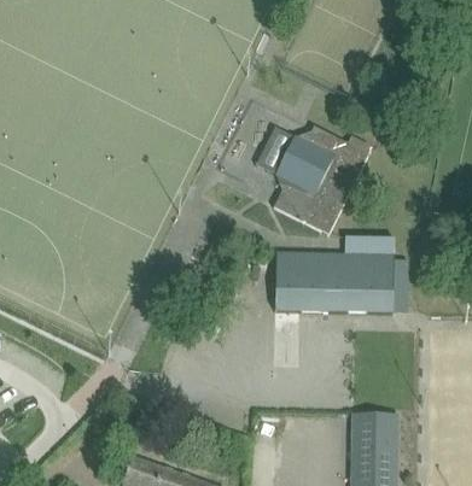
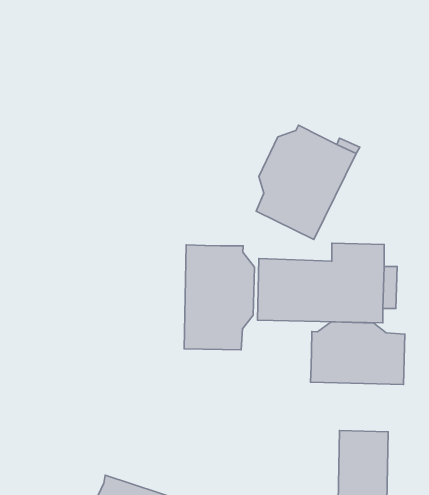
building: none -> [184,245,254,350]
building: none -> [310,322,405,385]

